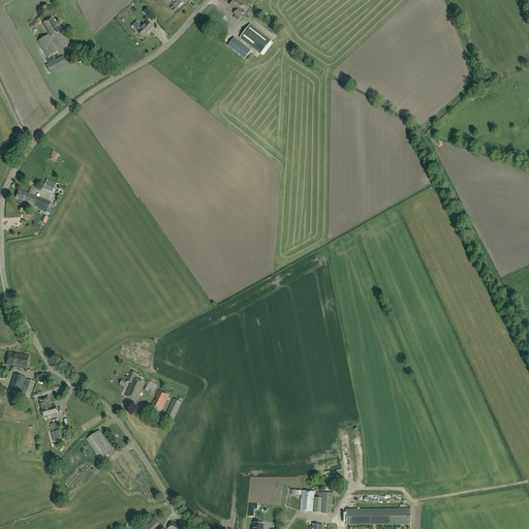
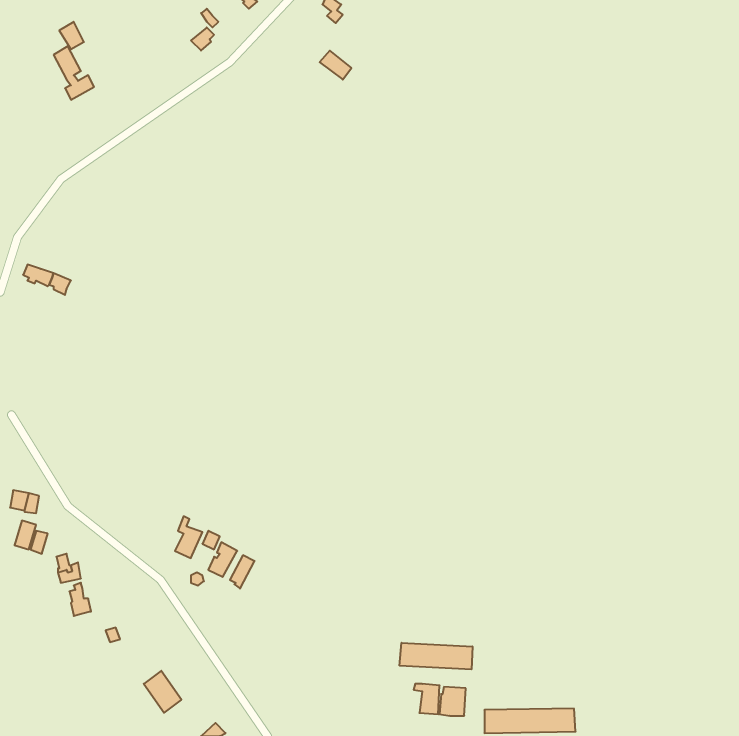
building: [240,23,271,53] -> none
building: [87,429,114,459] -> [144,671,181,713]
building: none -> [400,643,472,669]

